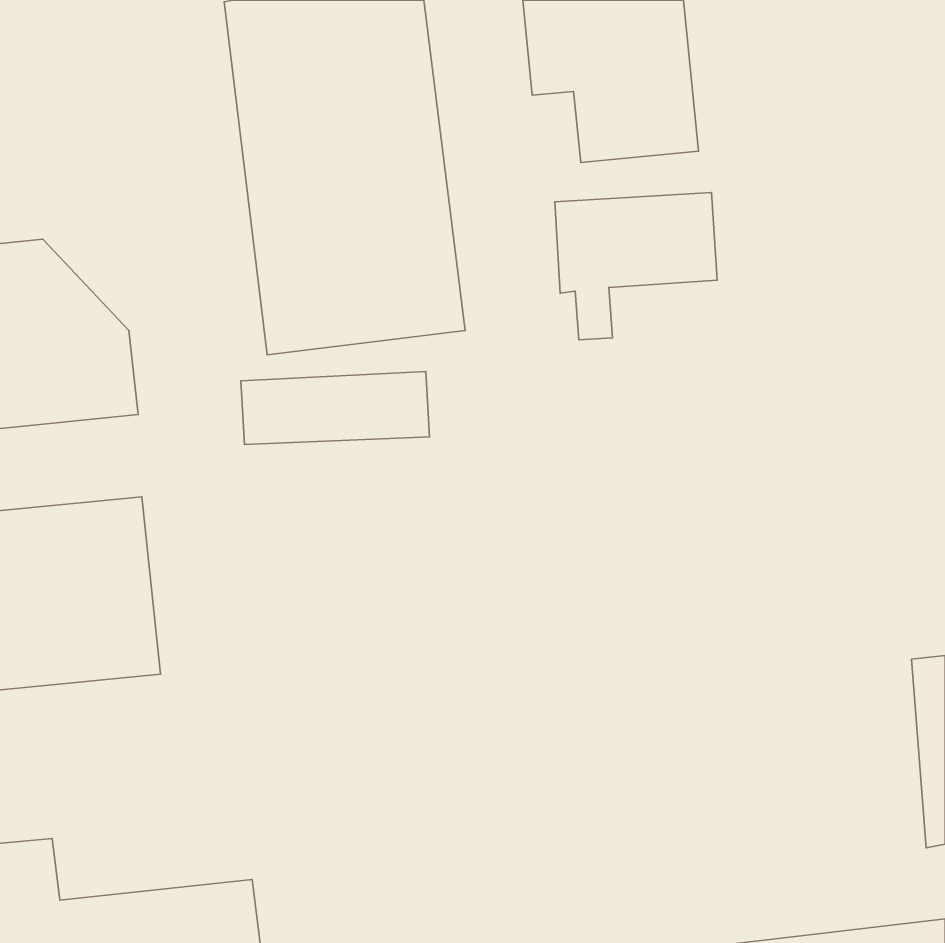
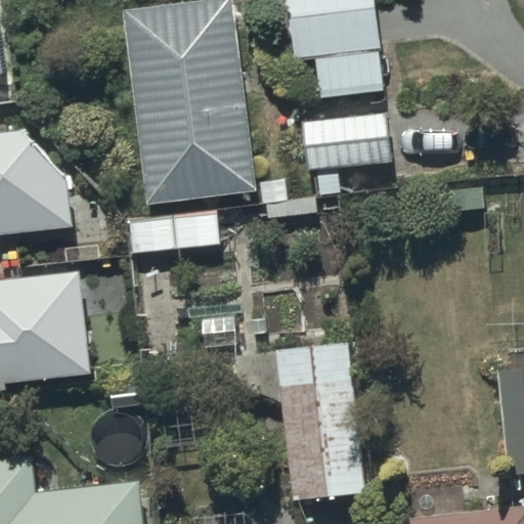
building: none -> [245,339,364,496]

